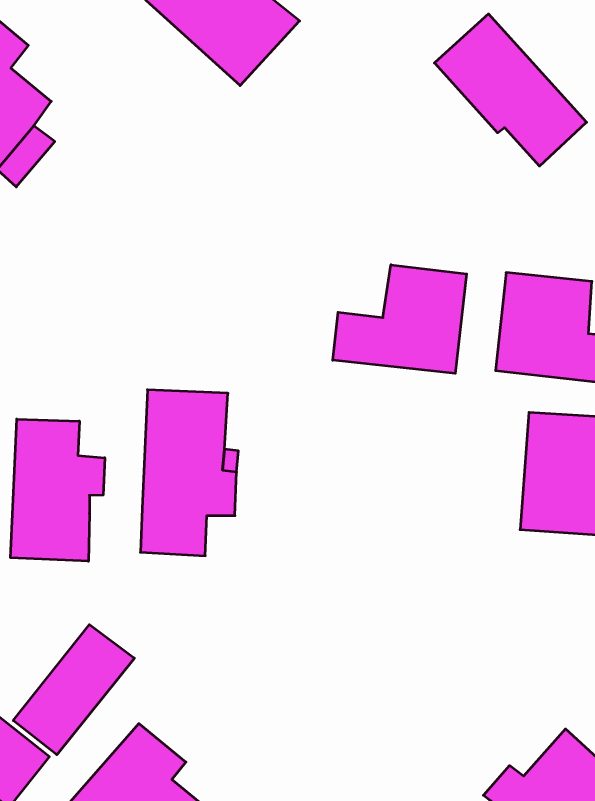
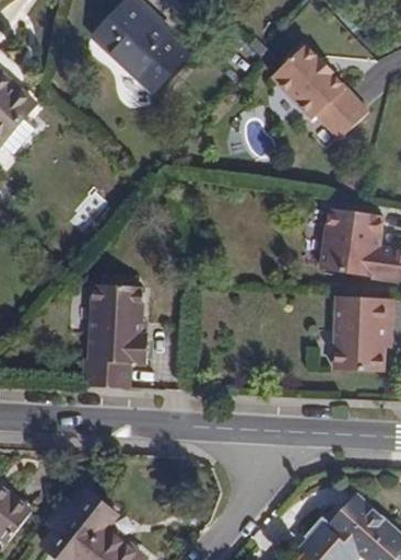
building: [333,265,467,373] -> none
building: [11,419,105,561] -> none
building: [13,625,134,755] -> none

